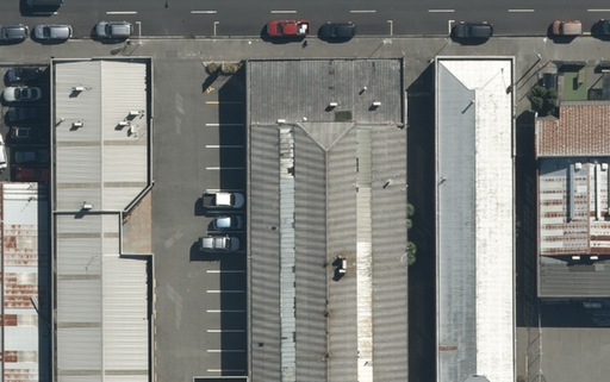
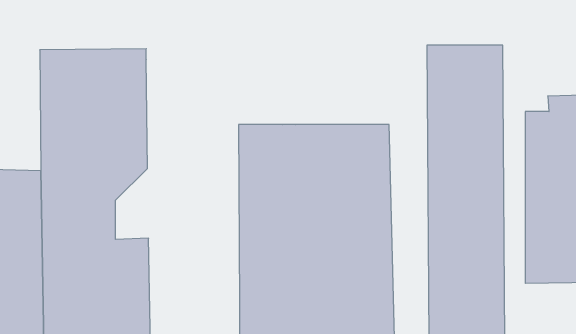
building: [243,68,398,138] -> none

